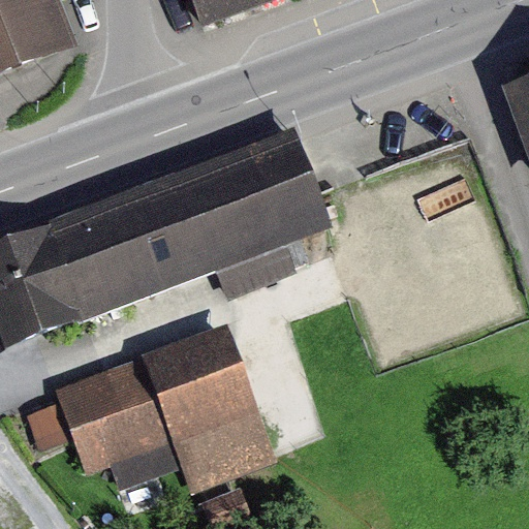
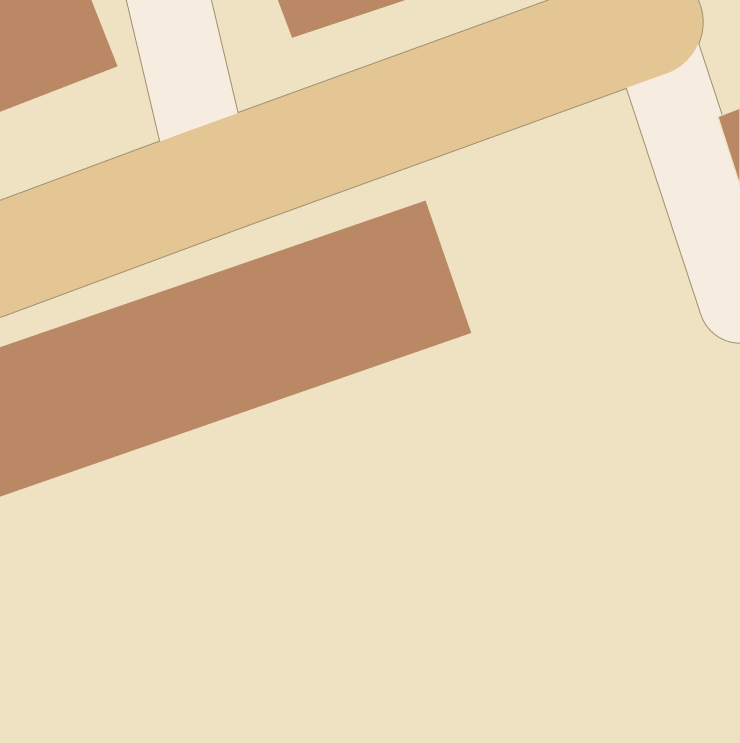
building: [56,325,270,479] -> none

